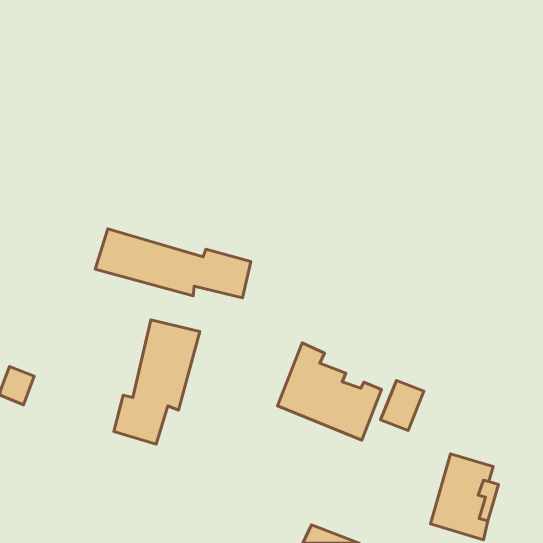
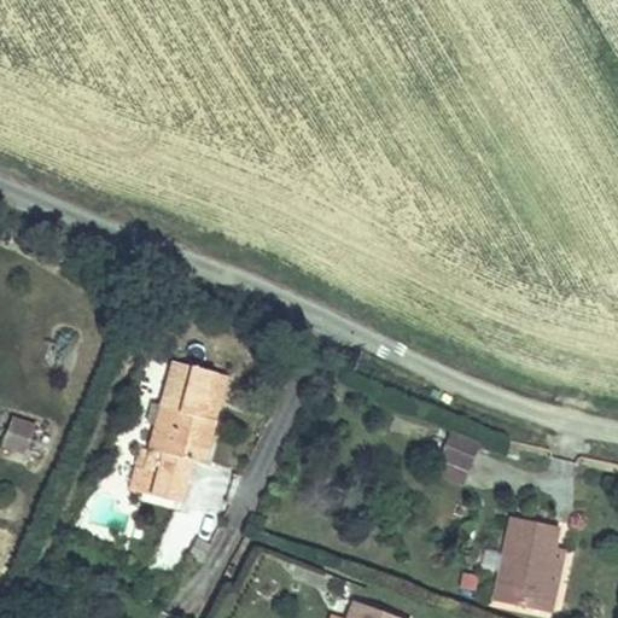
building: [95,229,251,298] -> none
building: [277,343,382,440] -> none

